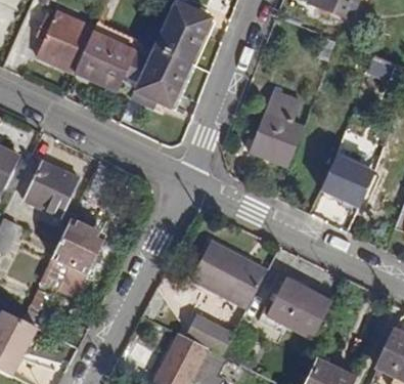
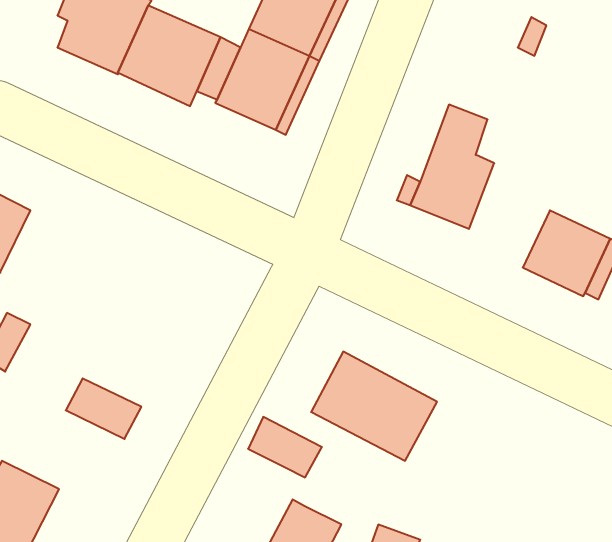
building: [26,161,79,216] -> none
building: [51,217,106,275] -> none
building: [266,279,331,339] -> none
building: [186,316,231,353] -> [248,417,322,477]

